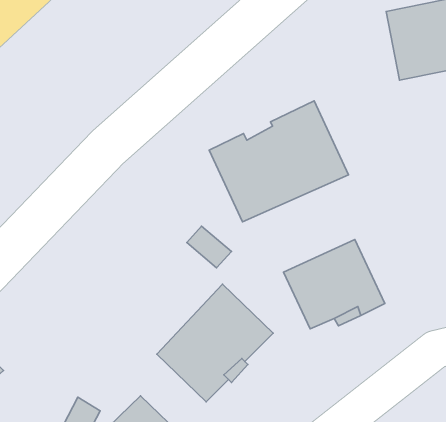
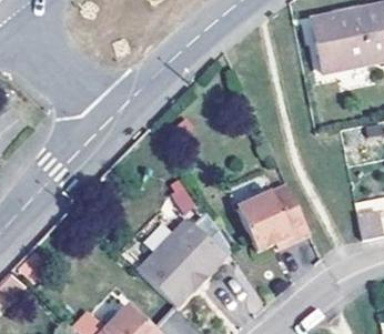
building: [209,101,349,222] -> none

